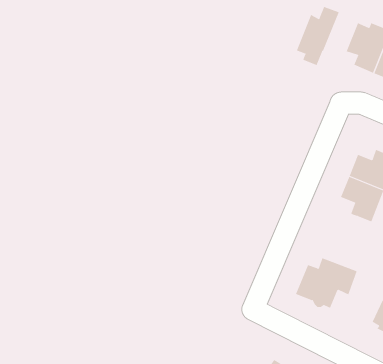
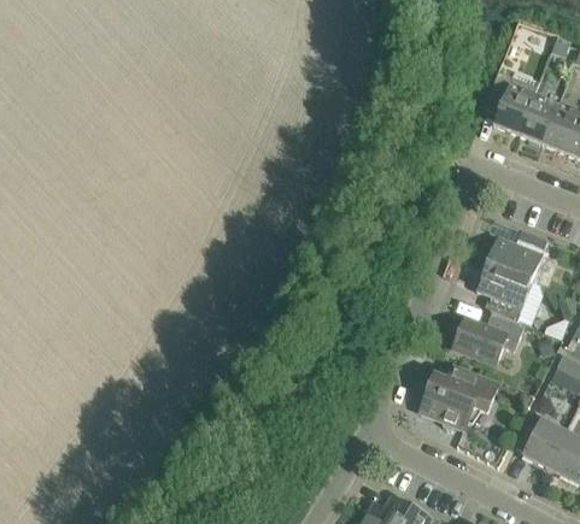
building: [296,6,339,66] -> none
building: none -> [453,314,525,365]

